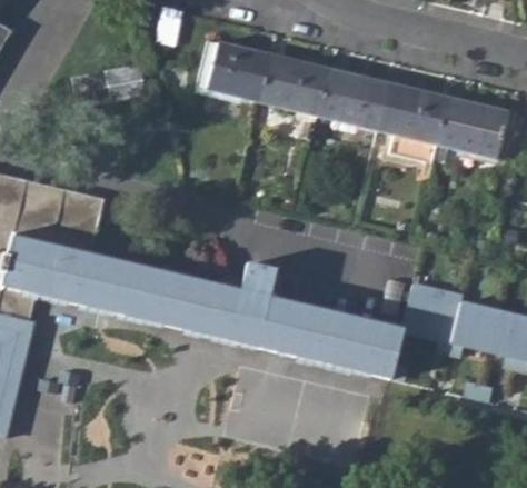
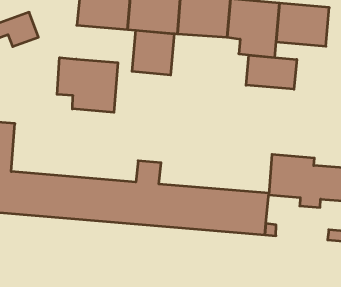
building: none -> [132,30,174,75]
building: none -> [57,58,118,112]
building: none -> [246,55,297,89]

